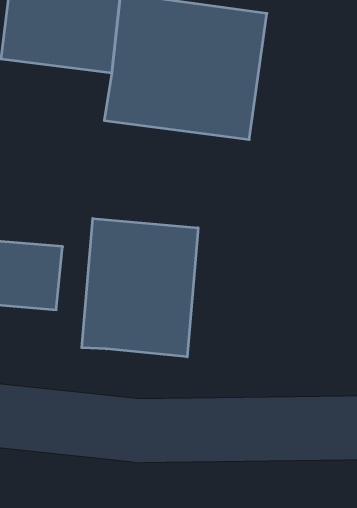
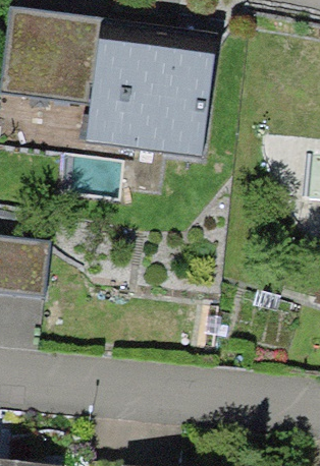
building: [82,218,198,357] -> none

